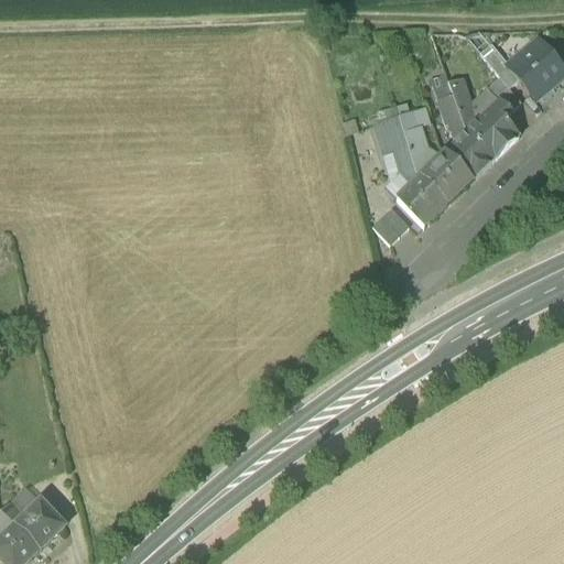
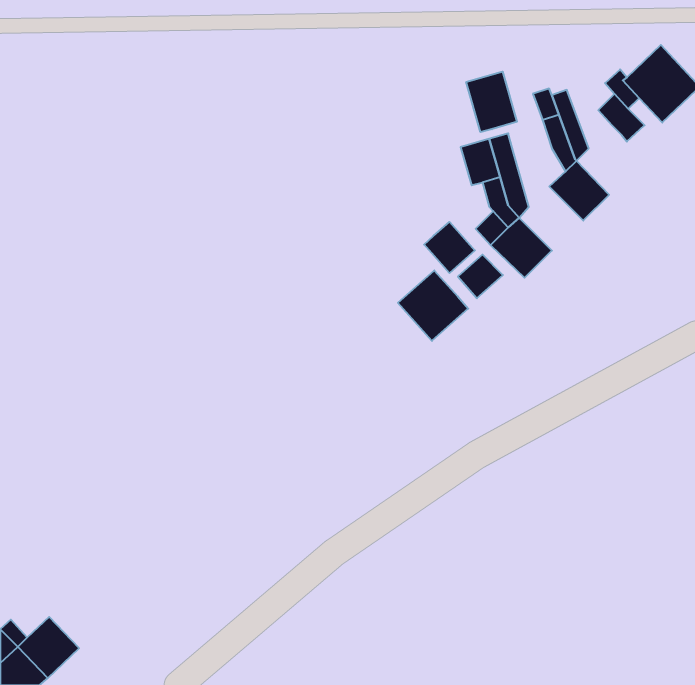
building: none -> [466,72,517,132]
building: [467,101,514,158] -> none
building: [421,151,473,203] -> none
building: none -> [424,222,475,273]
building: none -> [398,270,468,341]

